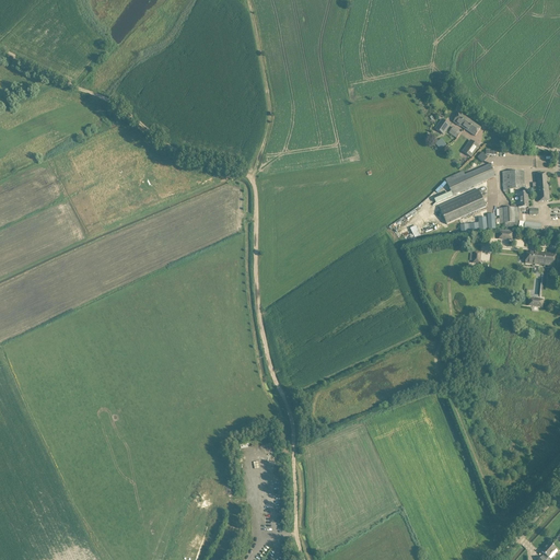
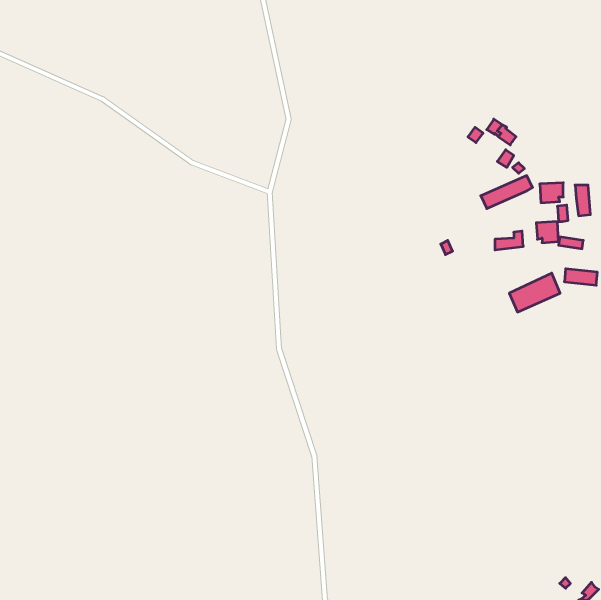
building: [438,187,485,223] -> [509,273,560,312]

